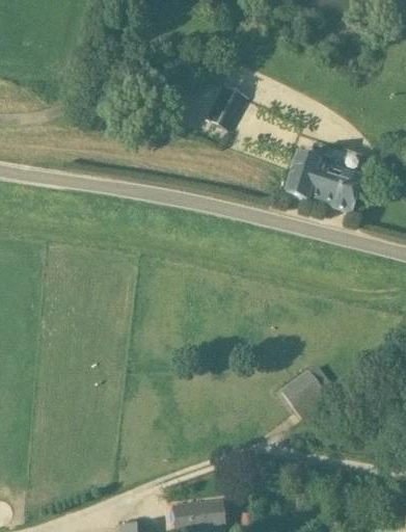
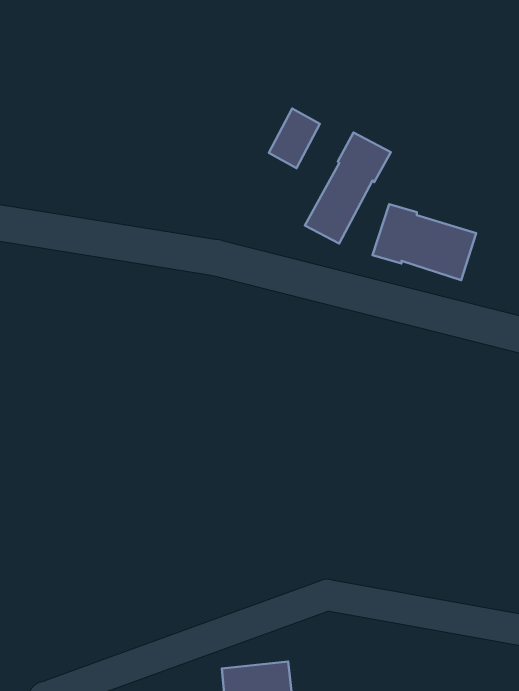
building: none -> [305,132,391,244]
building: [283,371,329,416] -> none

